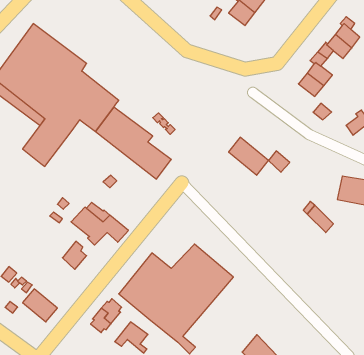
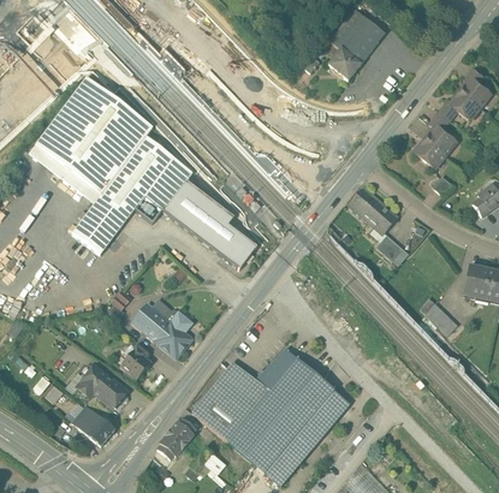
building: [229,137,268,175] -> [349,185,398,232]
building: none -> [76,367,126,408]
building: none -> [271,391,349,477]

